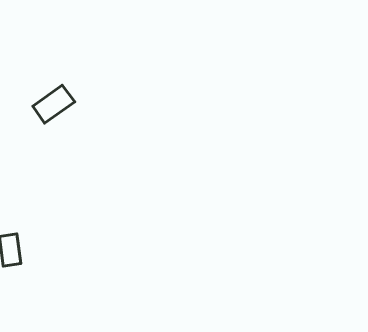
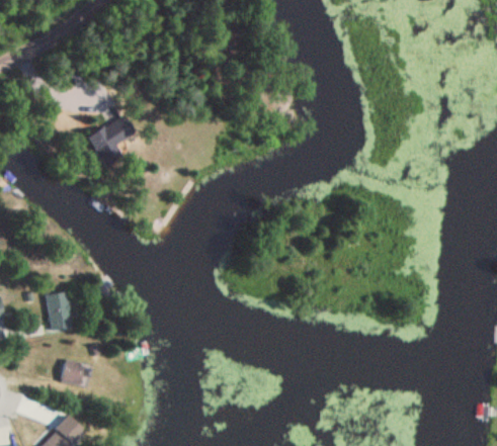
building: none -> [62,363,83,383]

